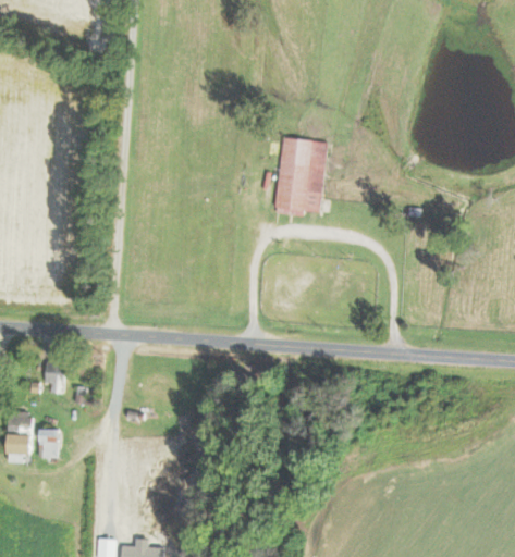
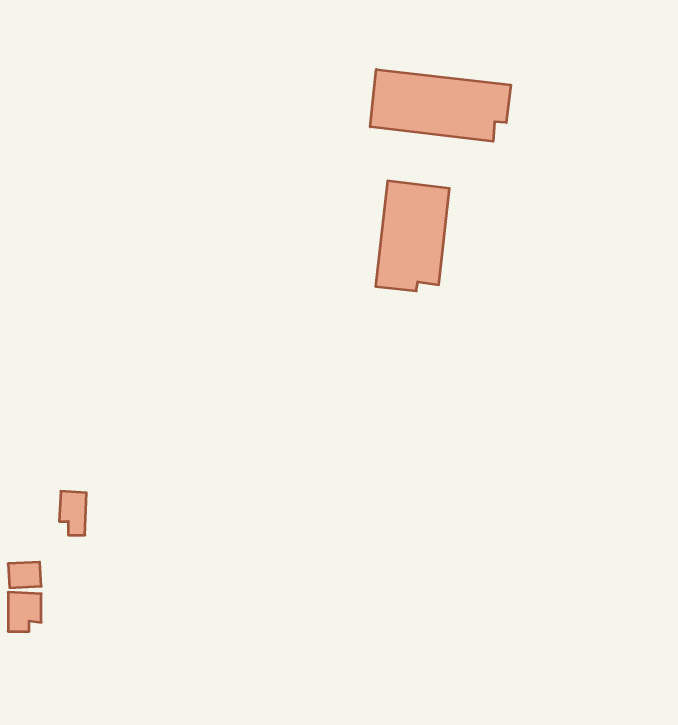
building: none -> [370,69,511,141]
building: [38,429,58,458] -> none

